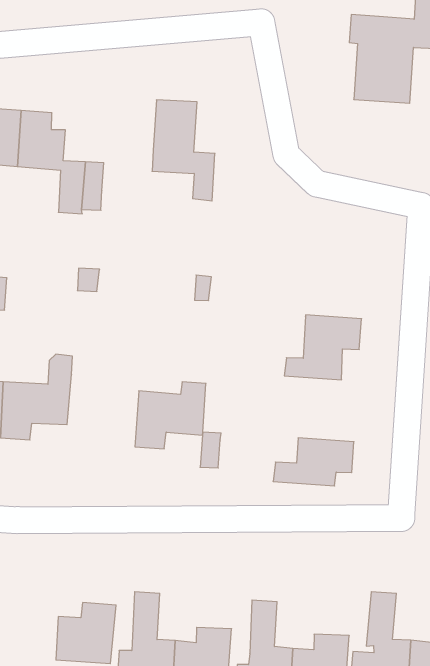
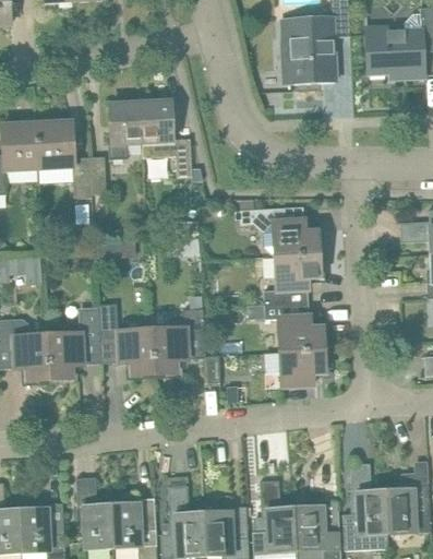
building: none -> [108,103,141,159]
building: none -> [239,206,317,255]
building: none -> [97,304,154,374]
building: none -> [263,302,323,352]
building: none -> [75,477,112,547]

